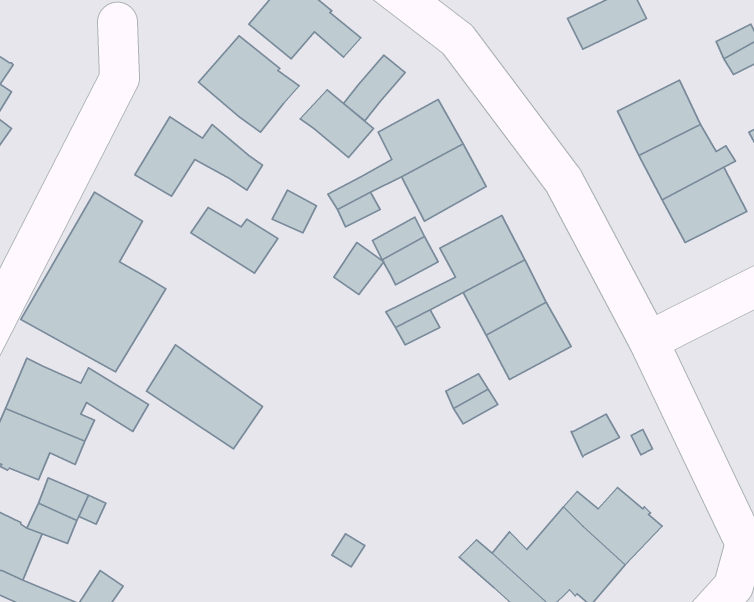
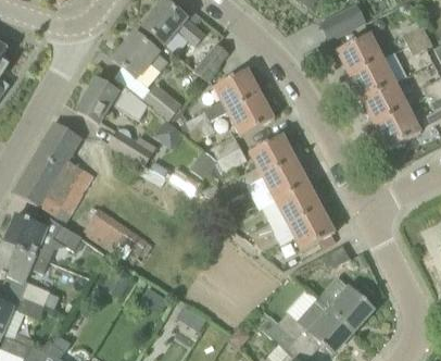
building: none -> [336,32,383,74]
building: [300,90,374,157] -> [141,83,182,121]
building: none -> [288,207,335,249]

